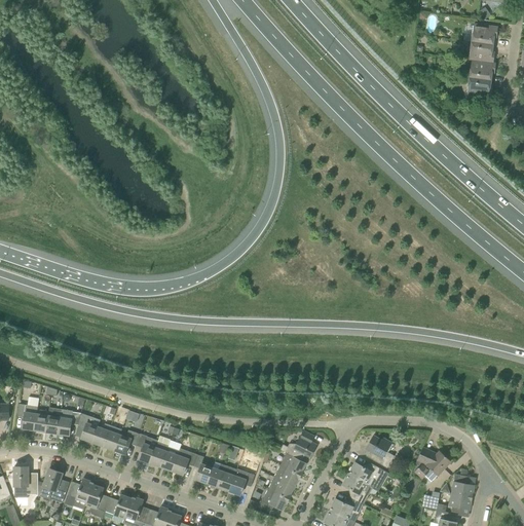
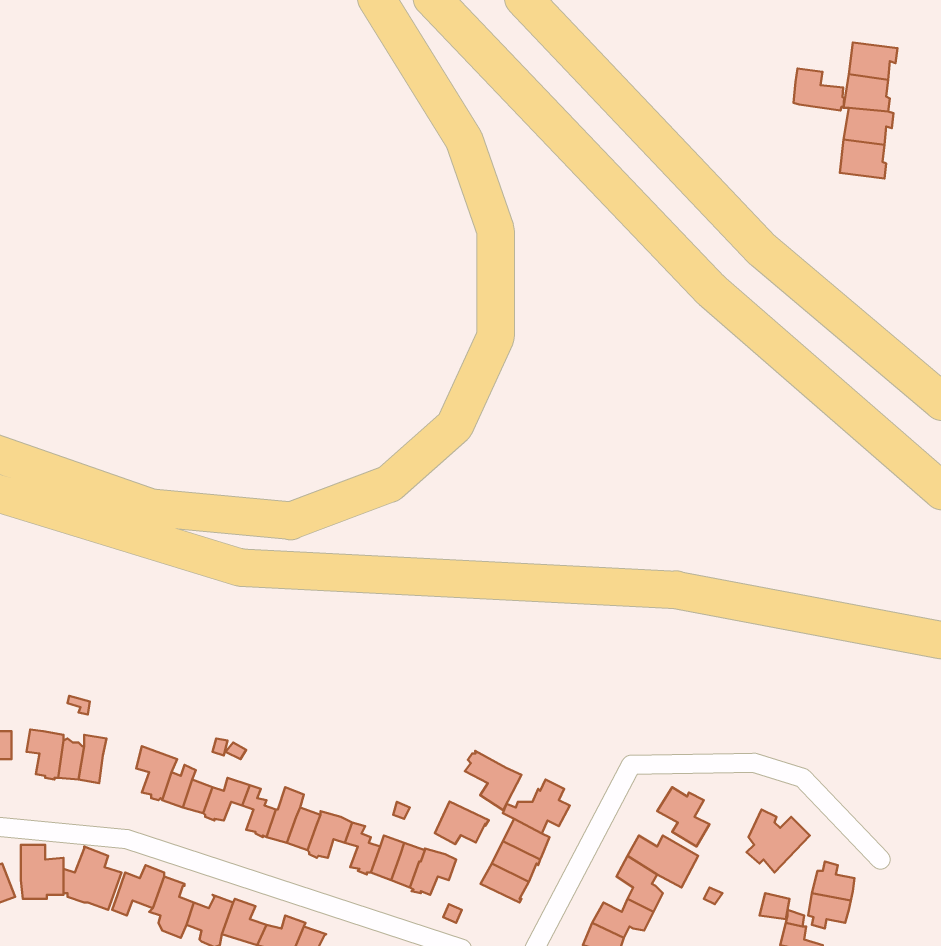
building: none -> [793,69,844,110]
building: [57,409,80,436] -> none
building: none -> [465,751,521,810]
building: [259,489,289,513] -> [435,802,489,844]

